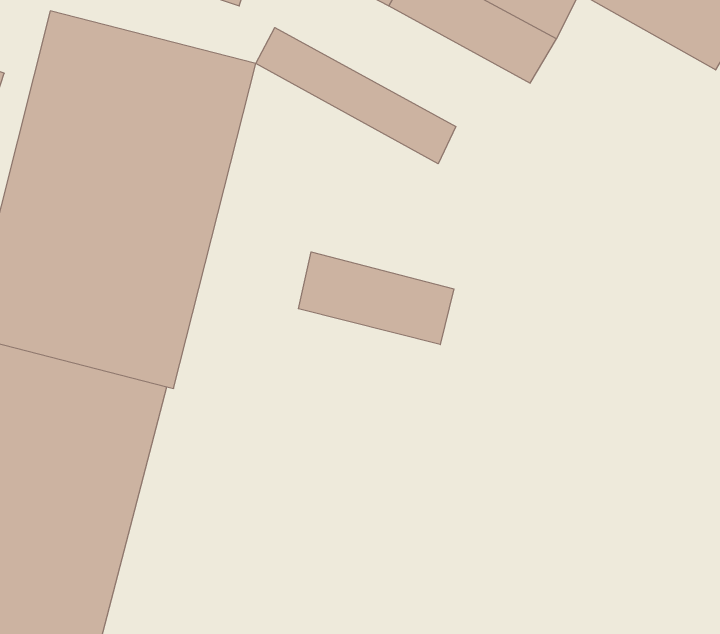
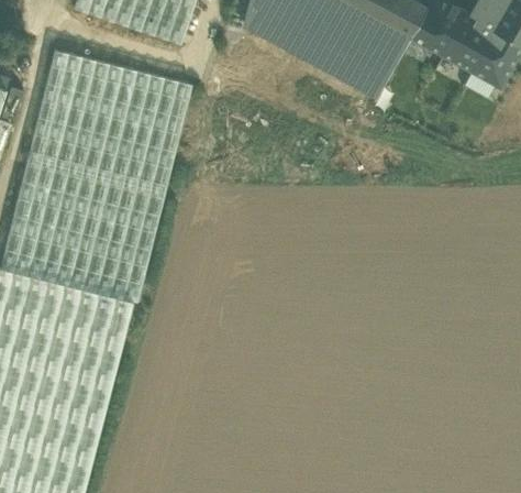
building: [256,28,456,164] -> none
building: [298,252,454,345] -> none

